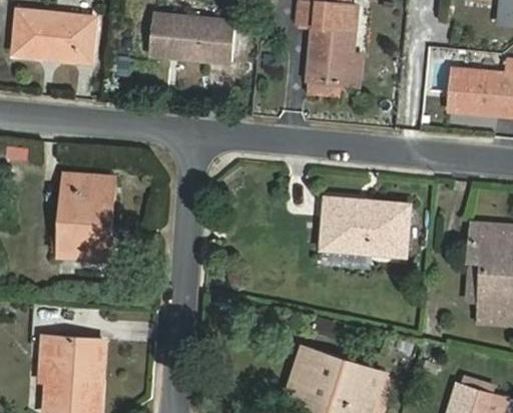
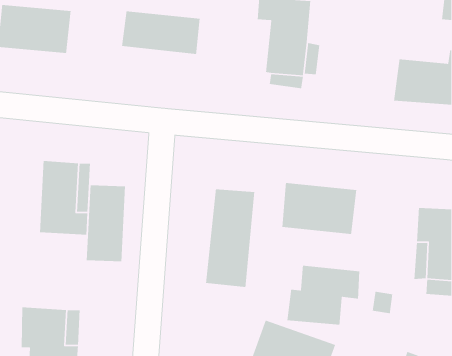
building: none -> [86,185,126,262]
building: none -> [205,189,255,288]
building: none -> [286,265,360,325]

